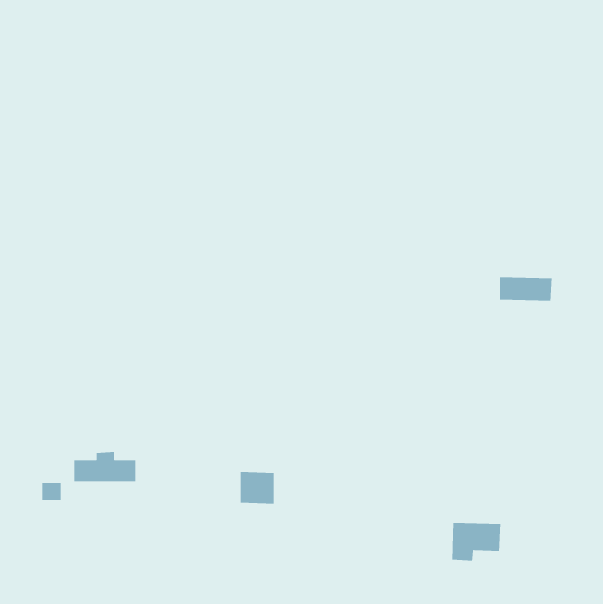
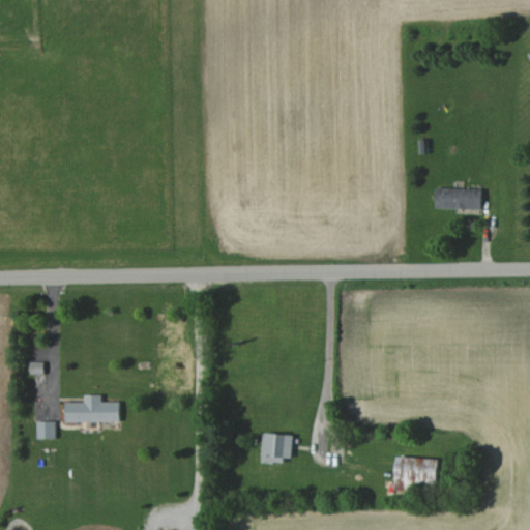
building: [499,277,552,302] -> [435,188,481,210]
building: [240,471,274,504] -> [262,434,292,463]

